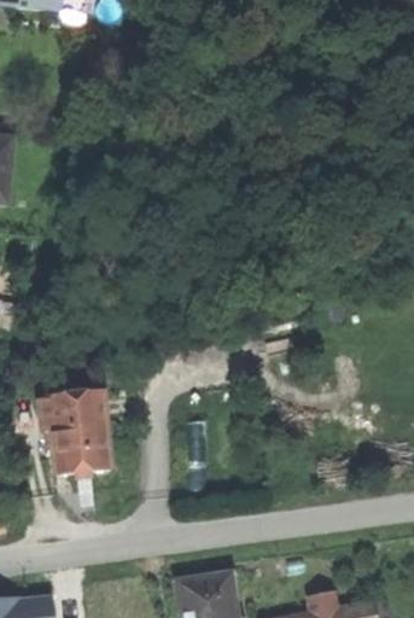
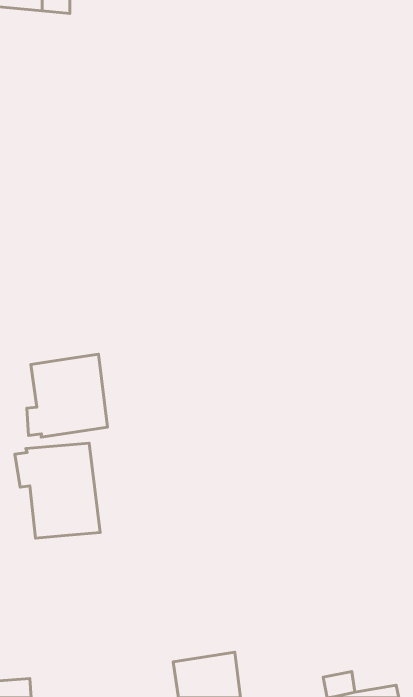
building: none -> [27,354,107,437]

